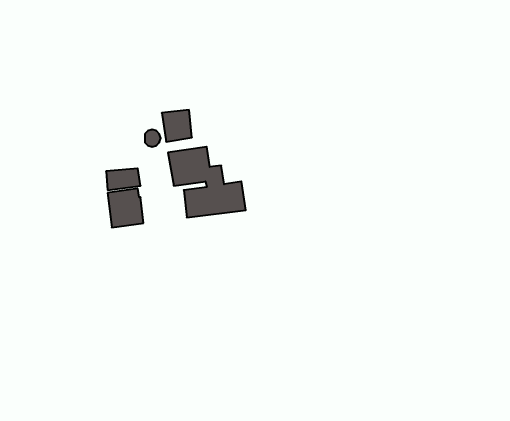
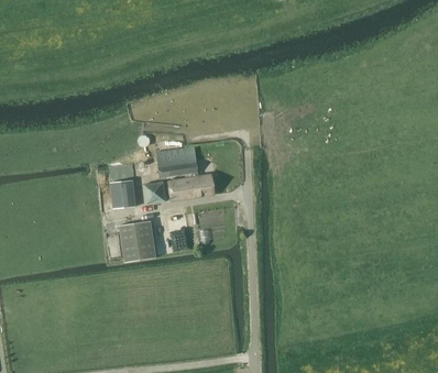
building: [162,110,192,142] -> [142,179,165,204]
building: none -> [118,219,155,261]

